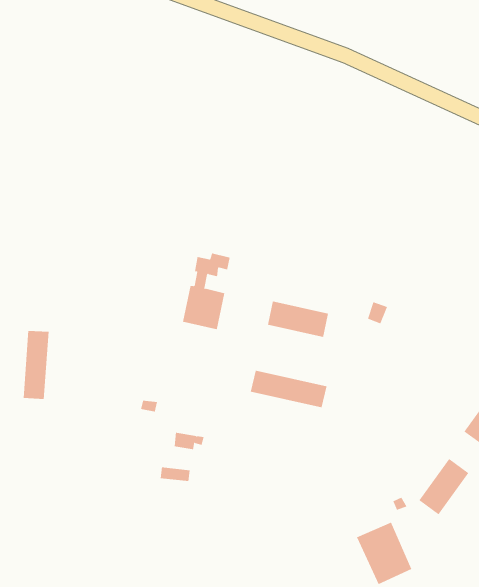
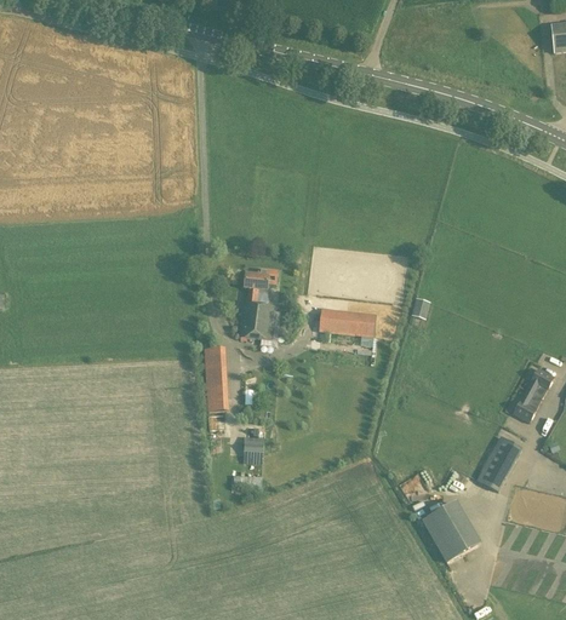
building: [23,330,49,399] -> [205,344,228,409]
building: [250,370,327,408] -> none

